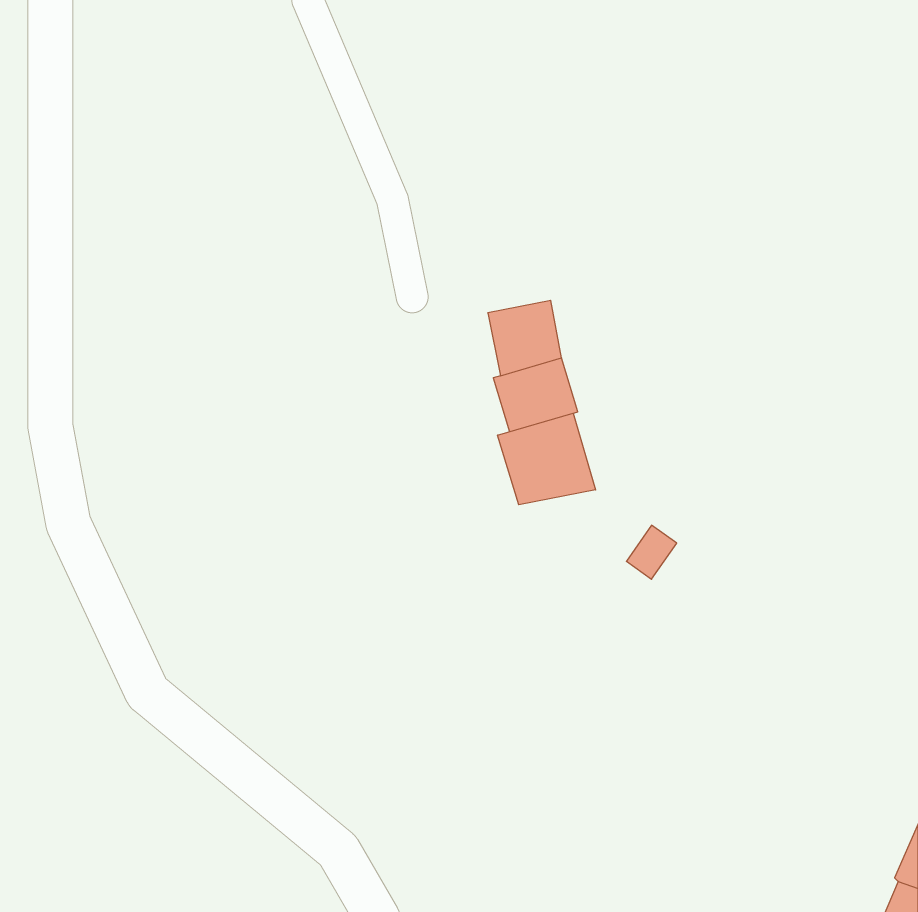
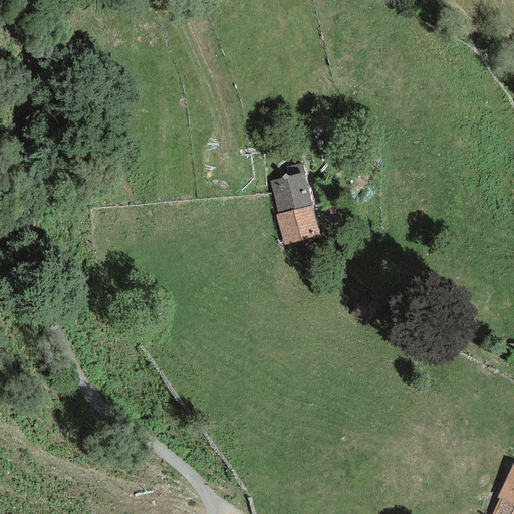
building: [498,413,596,505] -> none

